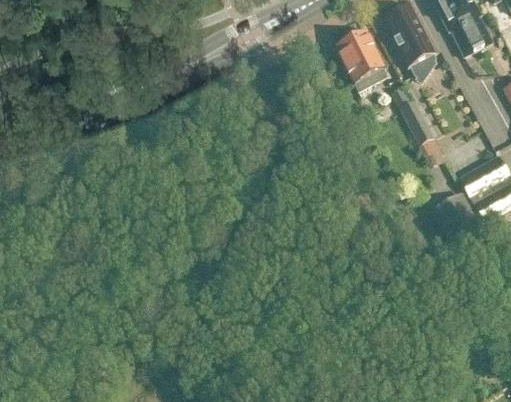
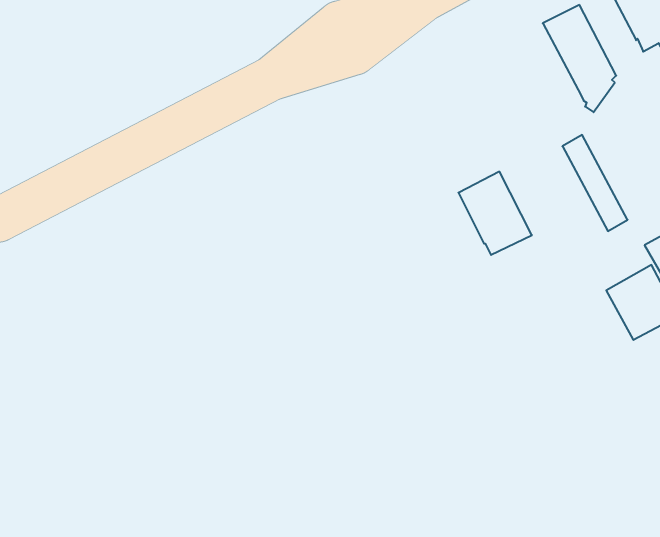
building: [336,32,388,91] -> [458,172,532,255]

